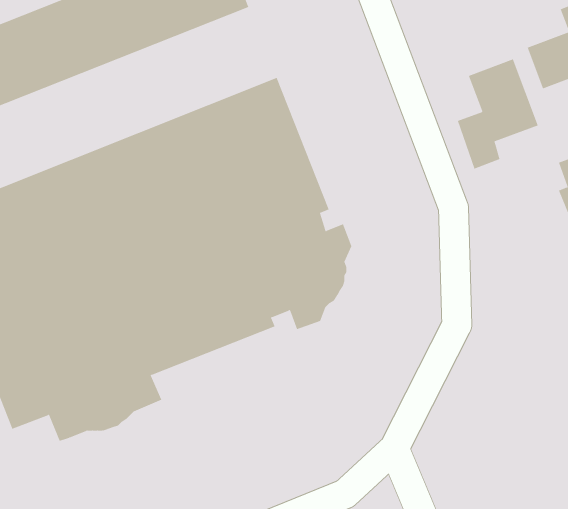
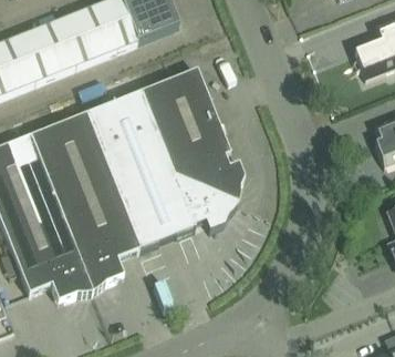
building: [457,58,539,170] -> none

